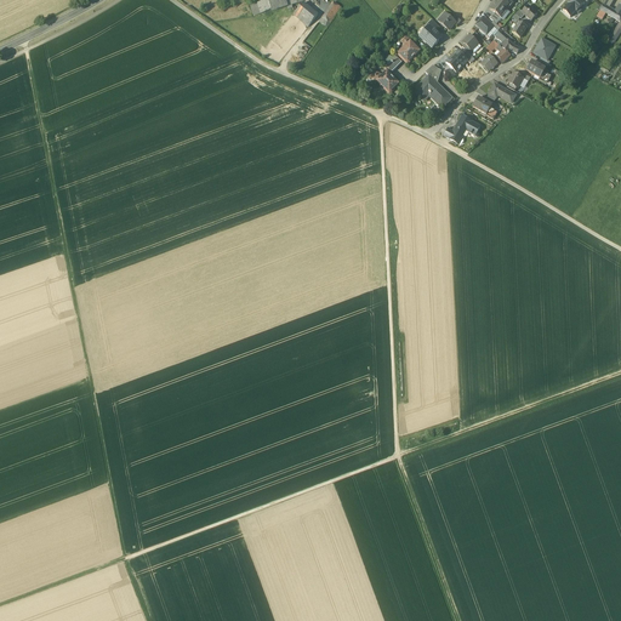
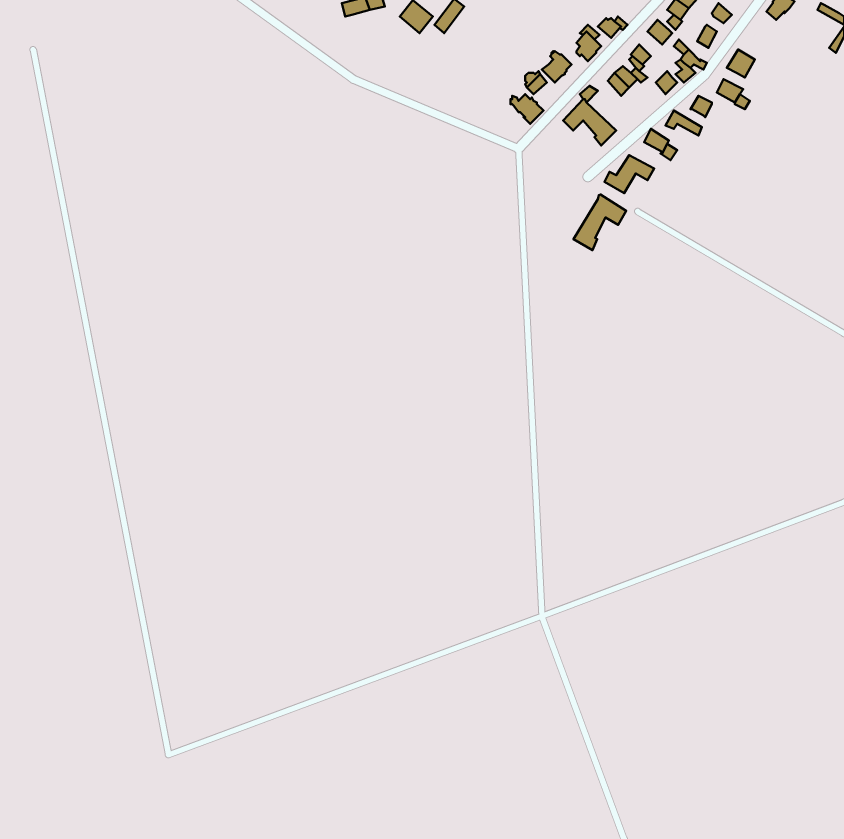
building: none -> [574,195,626,250]

